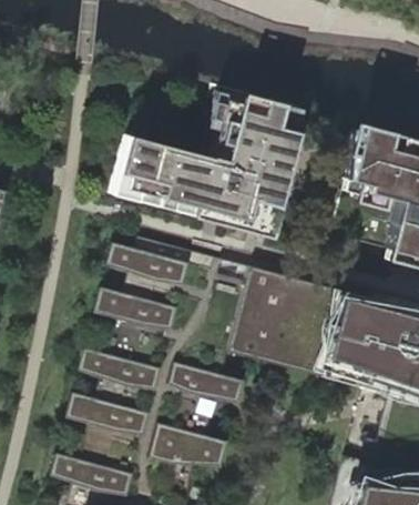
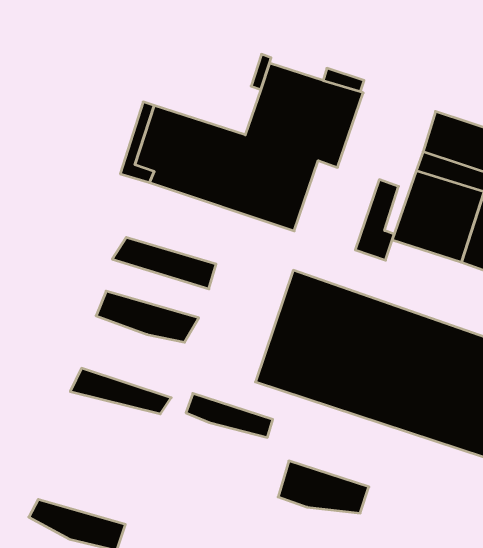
building: [251,175,282,239] -> [355,180,399,260]
building: [71,392,150,431] -> none
building: [154,426,225,464] -> [278,461,369,513]

